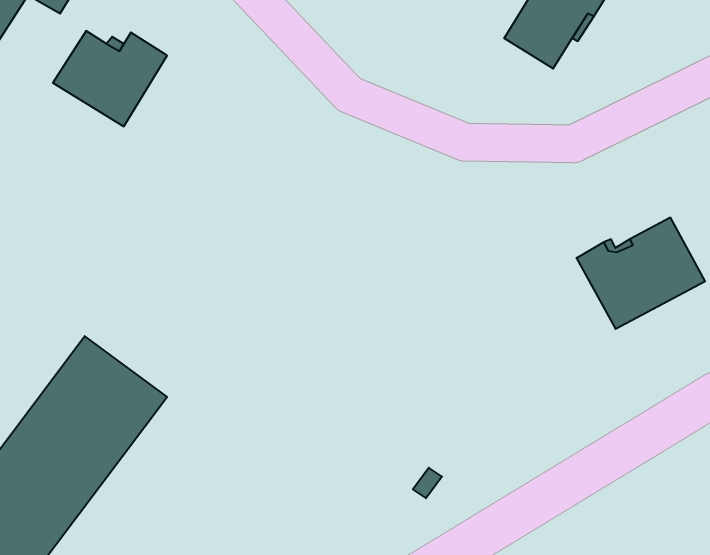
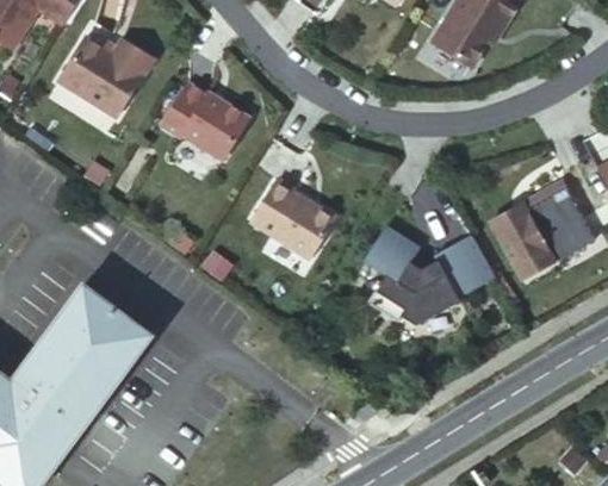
building: none -> [161,81,248,158]
building: none -> [250,176,335,256]
building: none -> [362,229,495,325]

